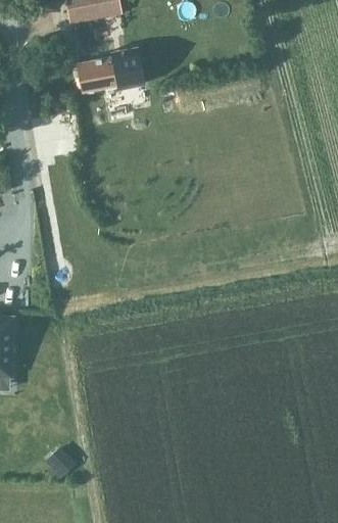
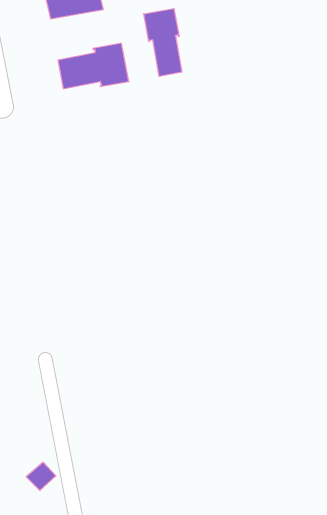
building: none -> [144,8,182,76]

